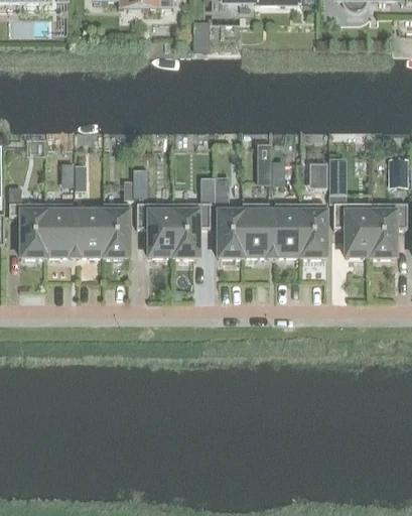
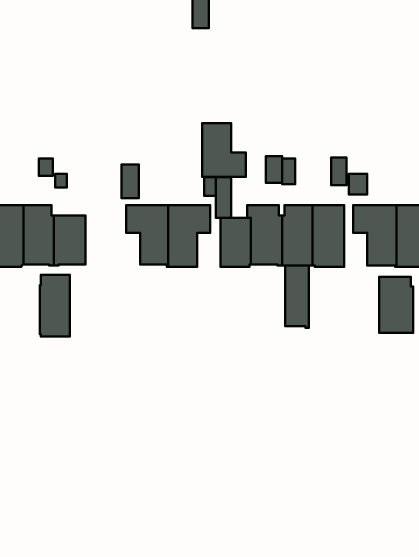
building: none -> [202,123,246,177]
building: [101,204,127,257] -> [40,275,70,336]
building: none -> [285,266,309,328]
building: none -> [379,277,413,333]

